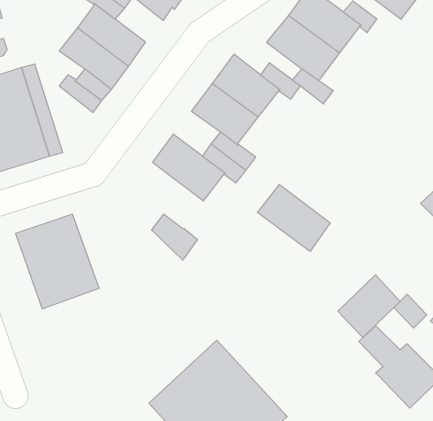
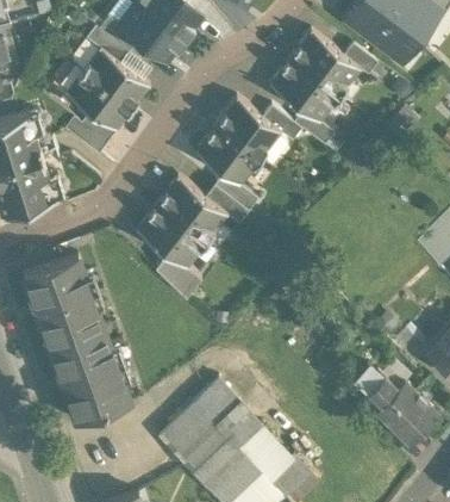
building: [257,184,330,251] -> [135,203,206,268]
building: [338,275,400,338] -> none
building: none -> [48,327,130,421]

